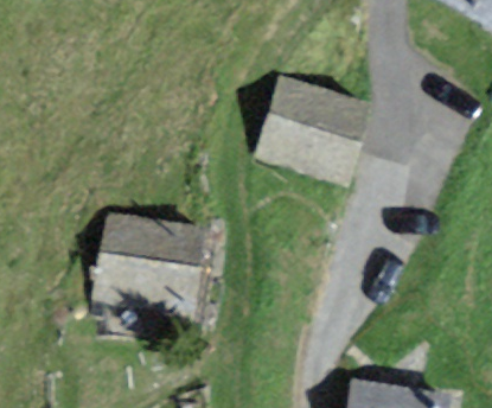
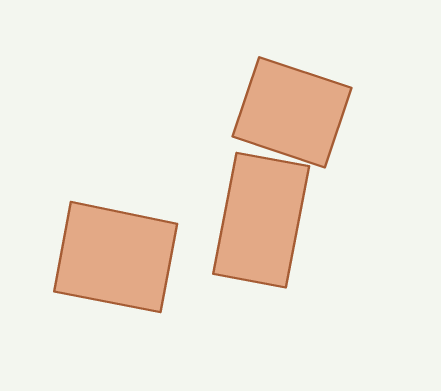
building: none -> [213,153,309,287]

